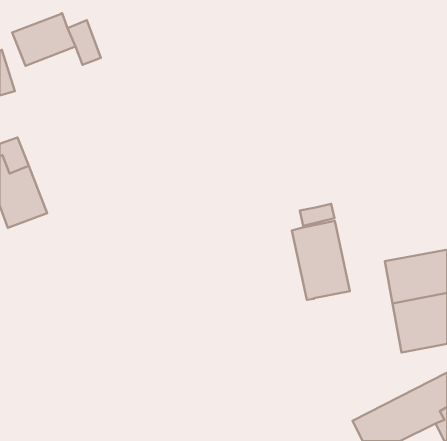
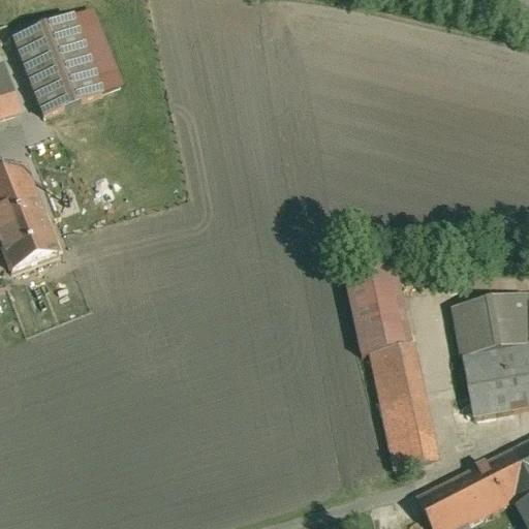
building: none -> [30,55,103,117]
building: [300,204,334,226] -> none
building: none -> [370,342,442,470]

